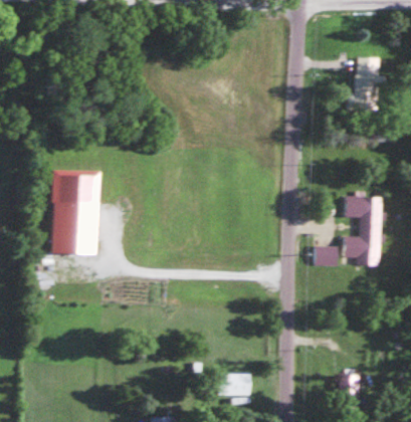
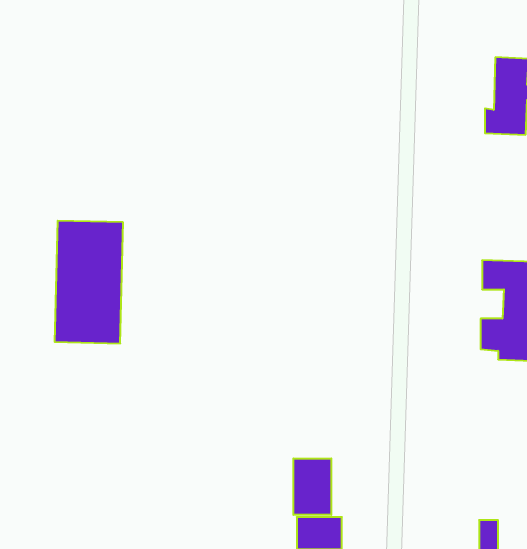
building: [315,247,339,266] -> none
building: none -> [293,458,331,515]

